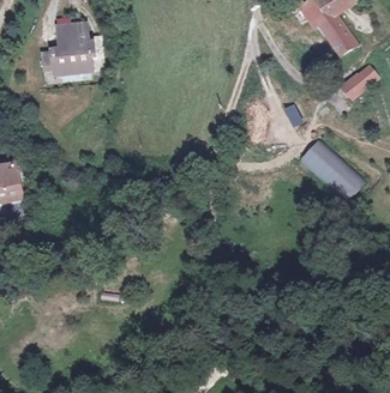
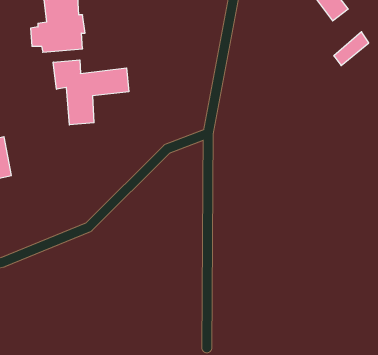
building: none -> [53,60,129,125]
building: [299,140,366,204] -> none

